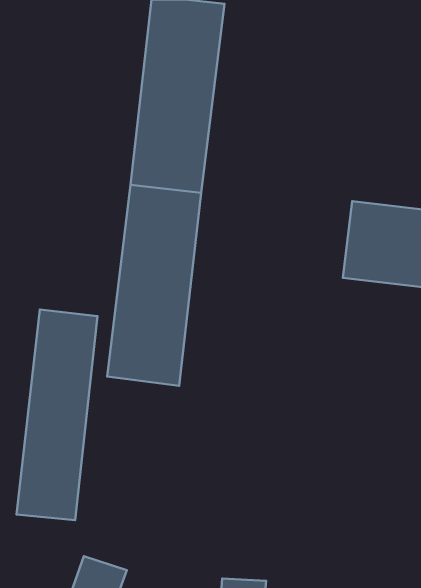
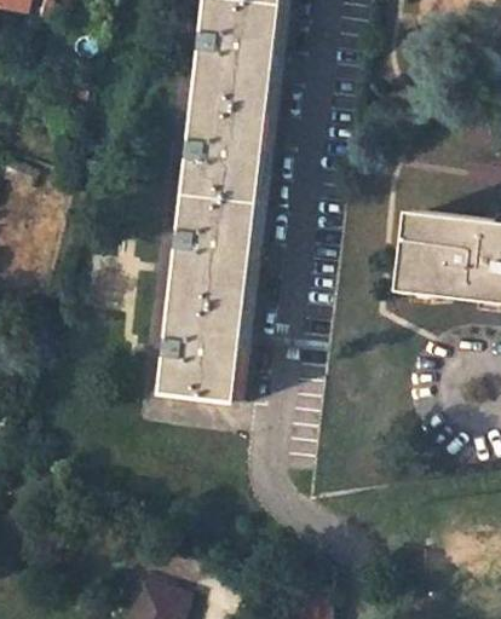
building: [16,310,98,520] -> none

